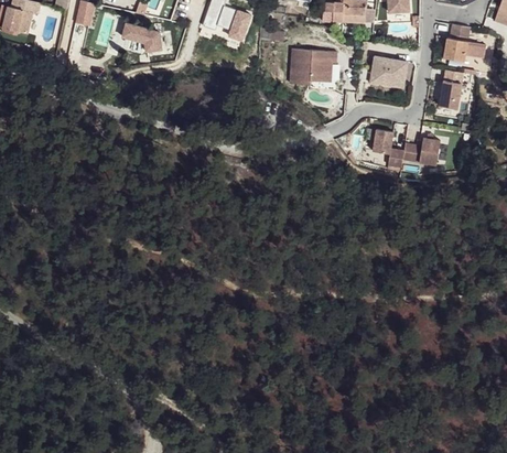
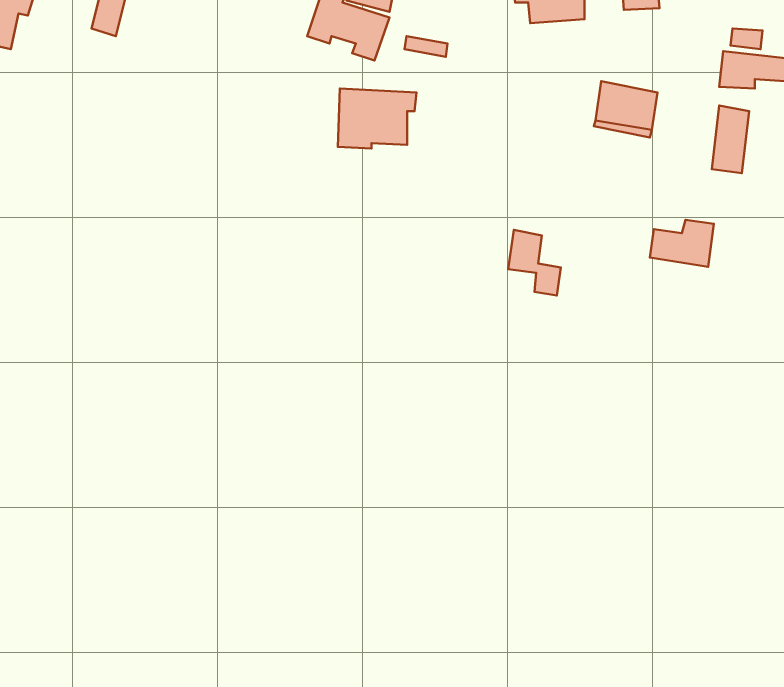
building: [121,24,161,52] -> none
building: [291,48,337,84] -> [338,89,417,149]
building: [374,128,404,166] -> [508,230,561,295]

